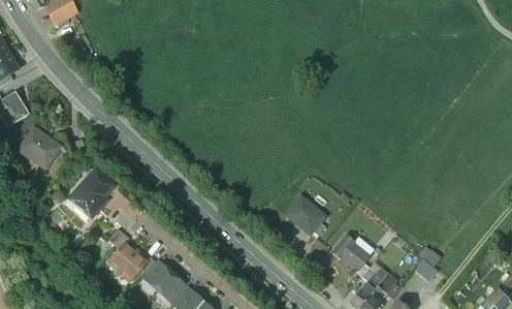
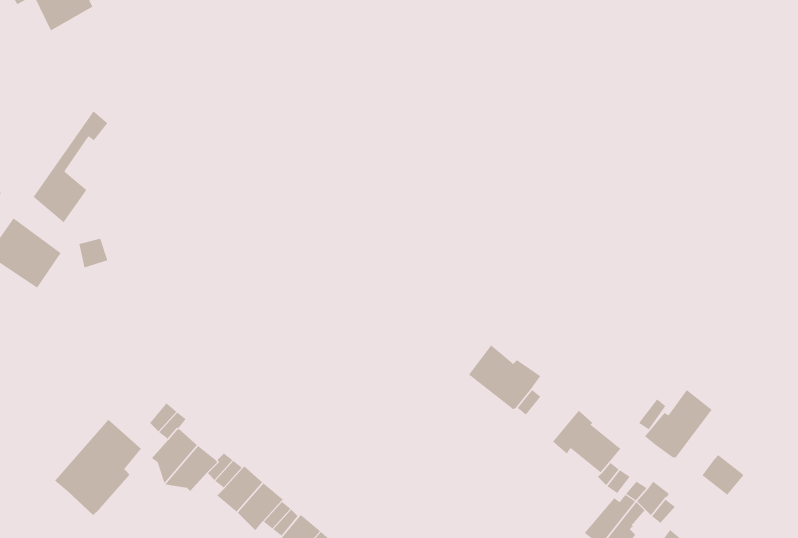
building: none -> [33,111,108,223]
building: [65,169,114,223] -> [54,419,142,516]
building: none -> [644,389,713,458]

